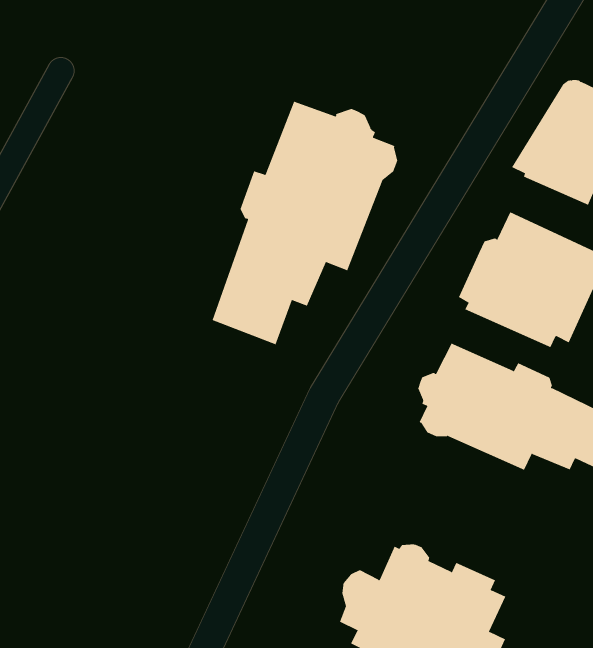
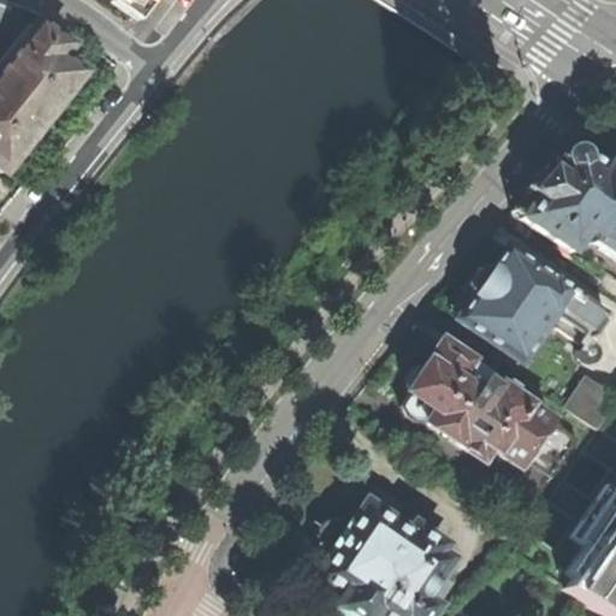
building: [212,101,398,345] -> none

